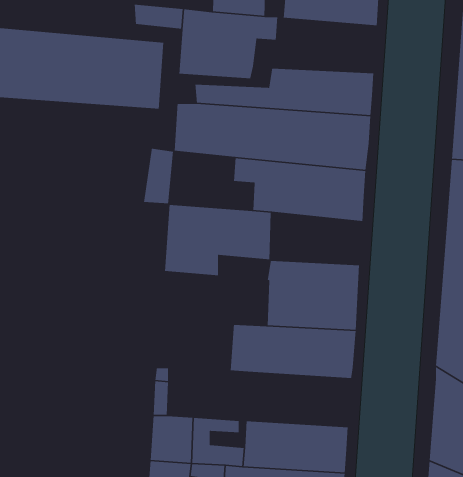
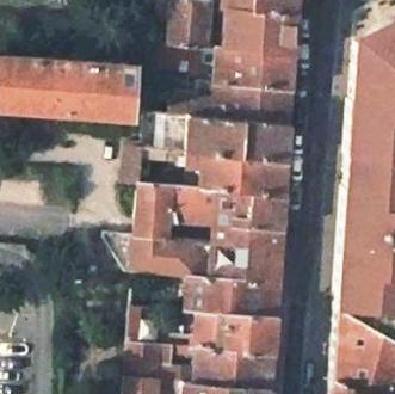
building: none -> [217,49,296,91]
building: none -> [216,195,285,234]
building: none -> [104,235,215,279]
building: none -> [198,314,277,355]

